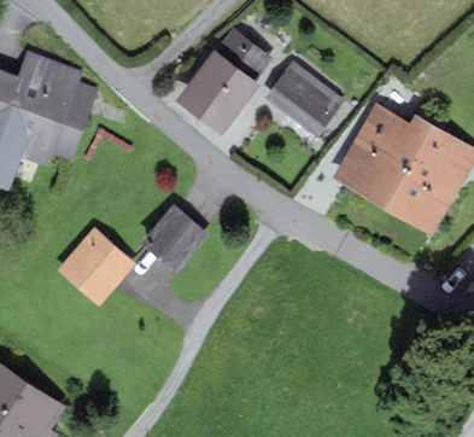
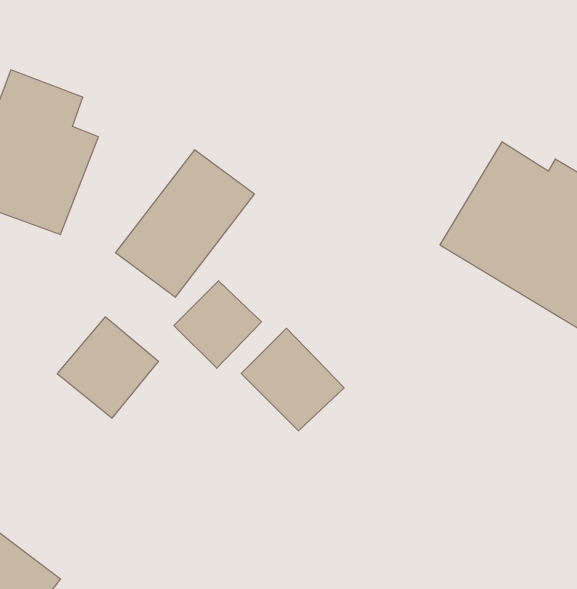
building: [176,27,274,130] -> [115,150,254,297]
building: [271,60,349,133] -> none
building: none -> [241,328,344,431]

